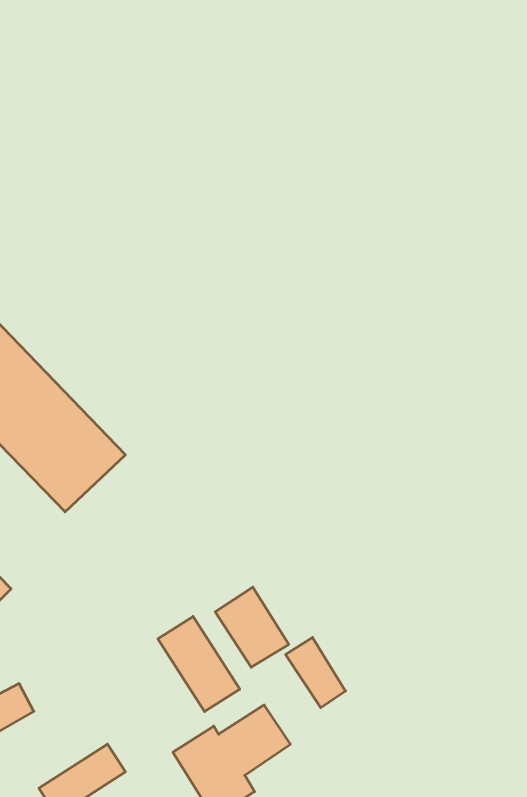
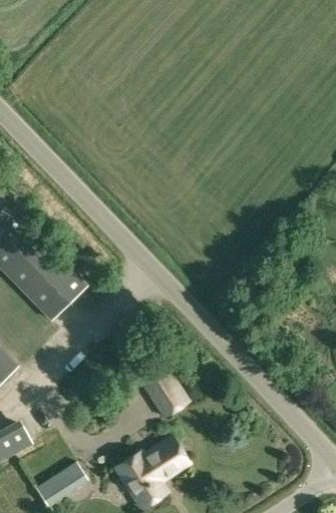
building: [158,616,240,712] -> none
building: [286,637,346,708] -> none

